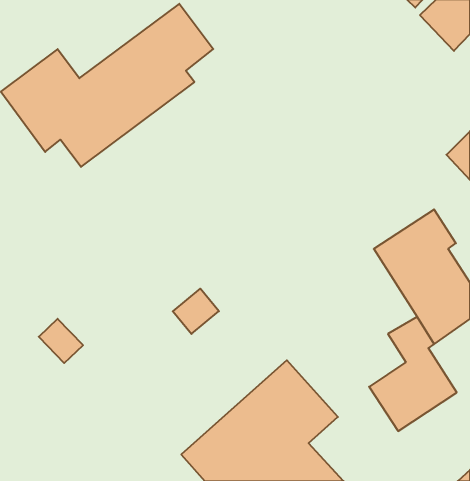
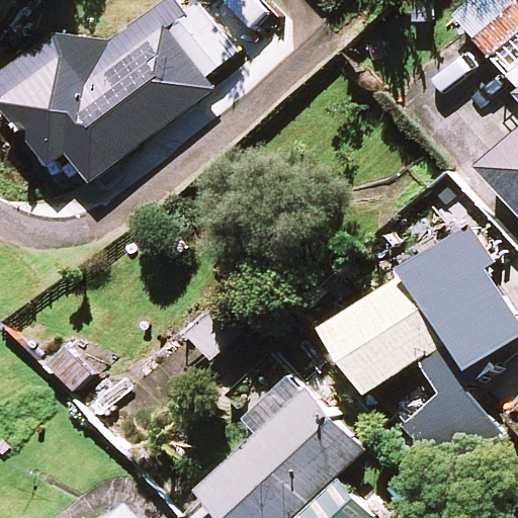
building: none -> [324,267,447,391]

